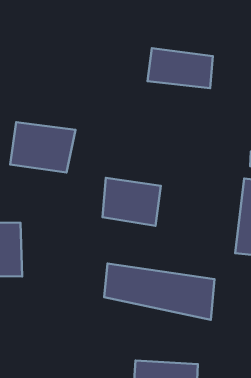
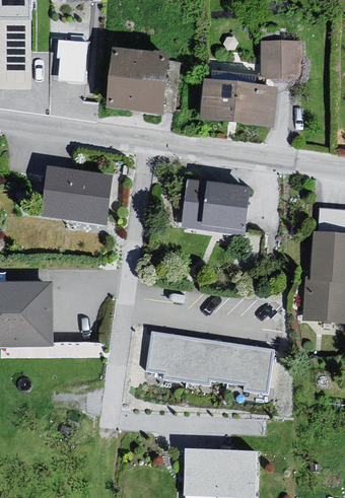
building: none -> [58,31,88,74]
building: none -> [260,43,298,79]
building: none -> [106,51,168,117]
building: [102,178,161,226] -> [181,179,249,234]

